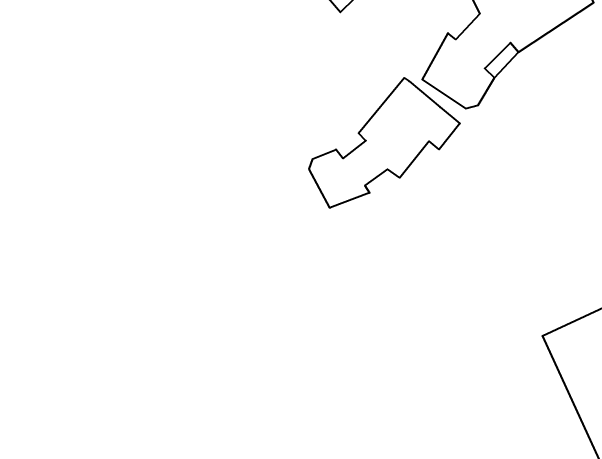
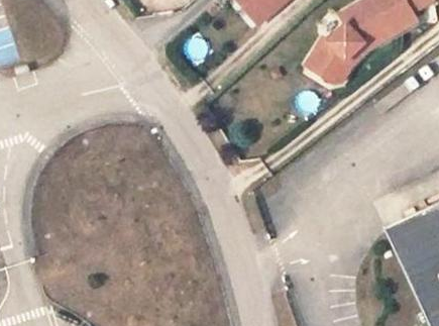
building: [309,78,460,208] -> none

